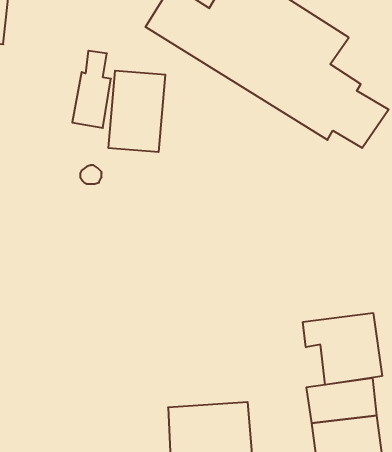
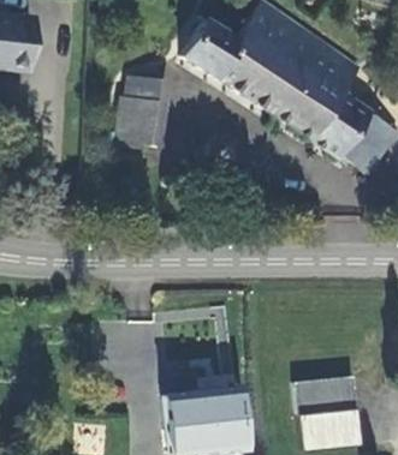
building: [303,313,382,385] -> none

